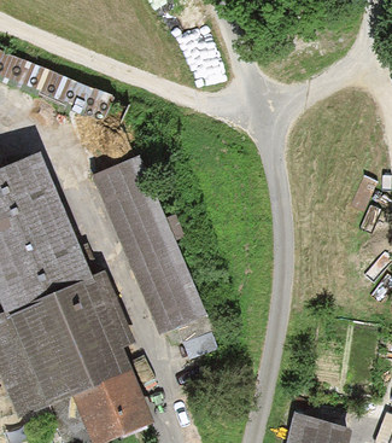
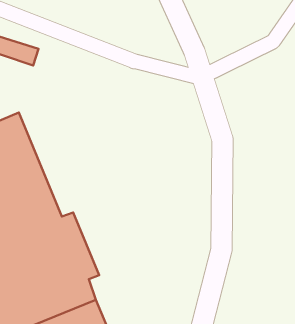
building: [90,158,204,336] -> none

